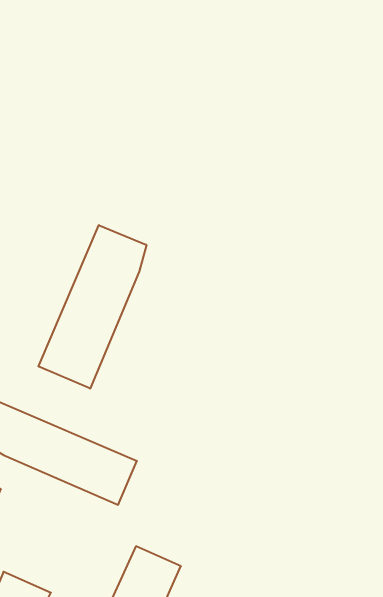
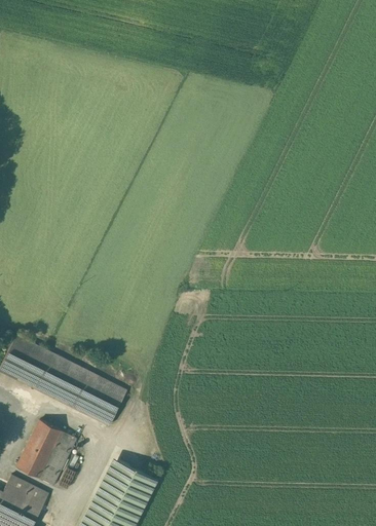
building: [39,225,146,389] -> none
building: none -> [15,420,76,484]

